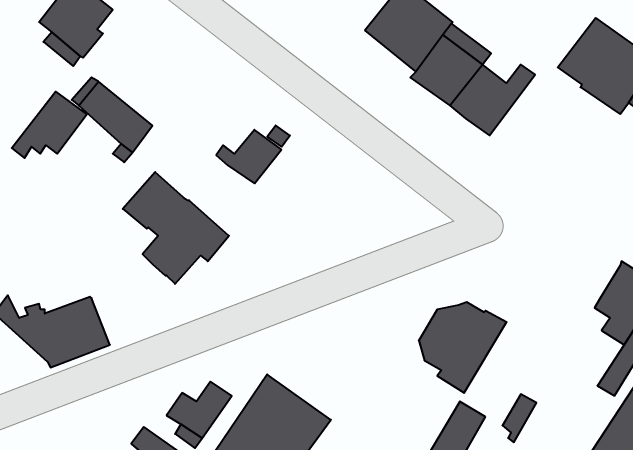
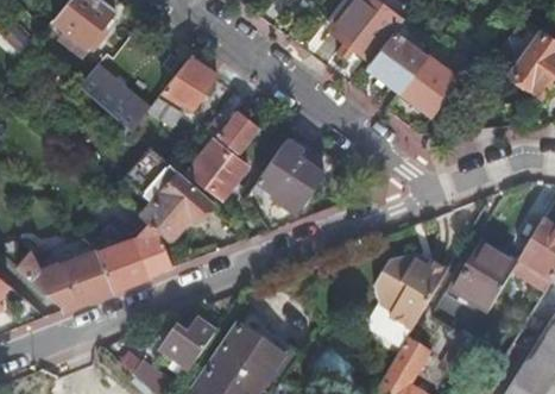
building: [12,92,87,158] -> [150,60,213,115]
building: none -> [258,140,321,215]
building: none -> [188,142,246,217]
building: none -> [97,225,172,293]
building: none -> [452,245,516,313]

